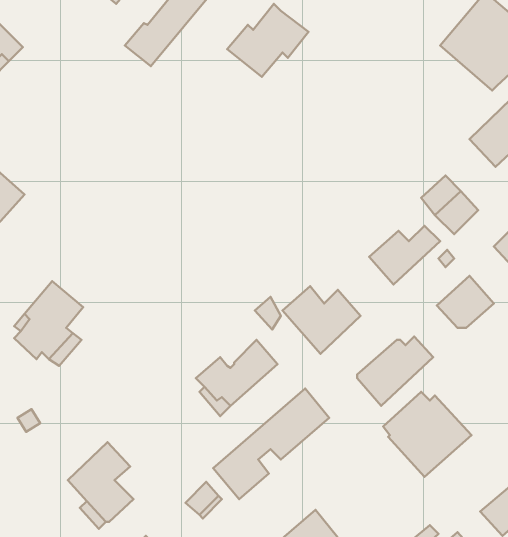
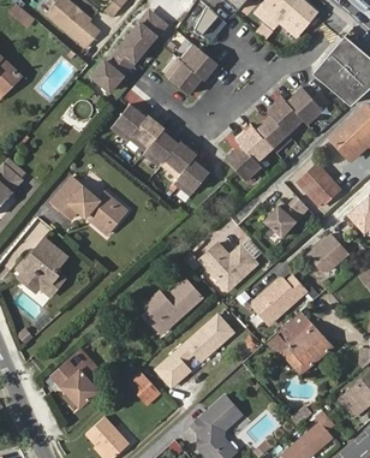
building: none -> [225,87,327,182]
building: none -> [111,106,208,197]
building: none -> [49,177,125,234]

